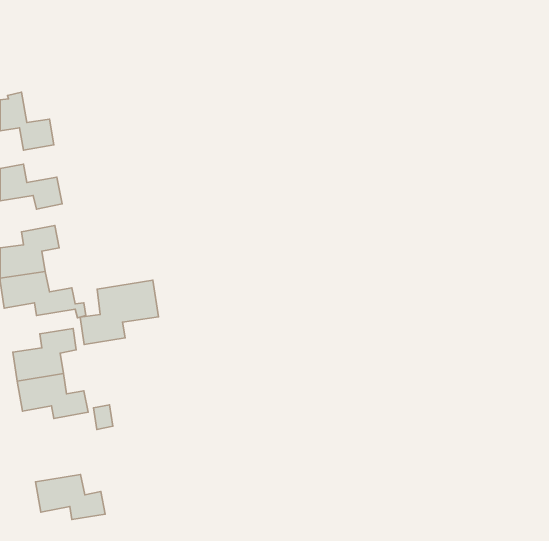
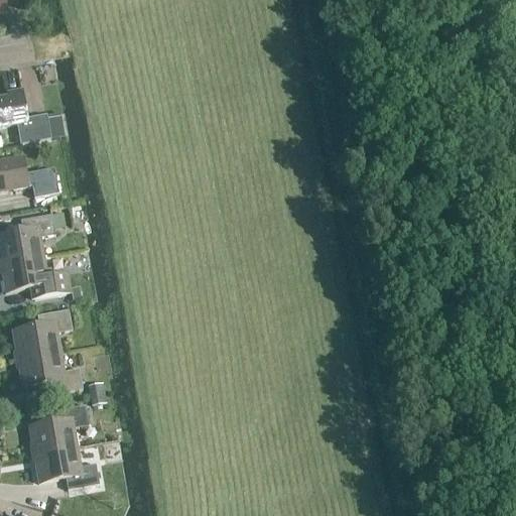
building: [80,280,158,345] -> none
building: none -> [28,403,89,453]

